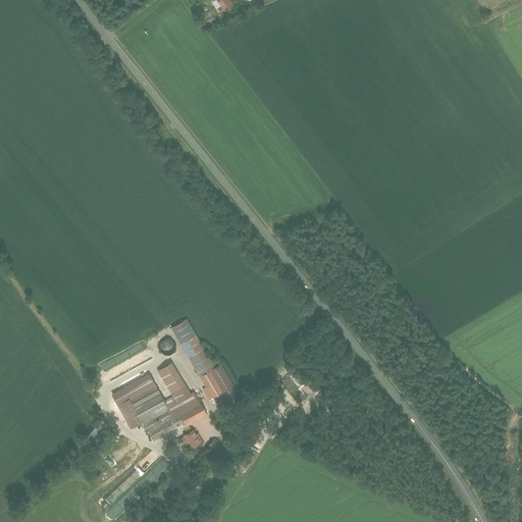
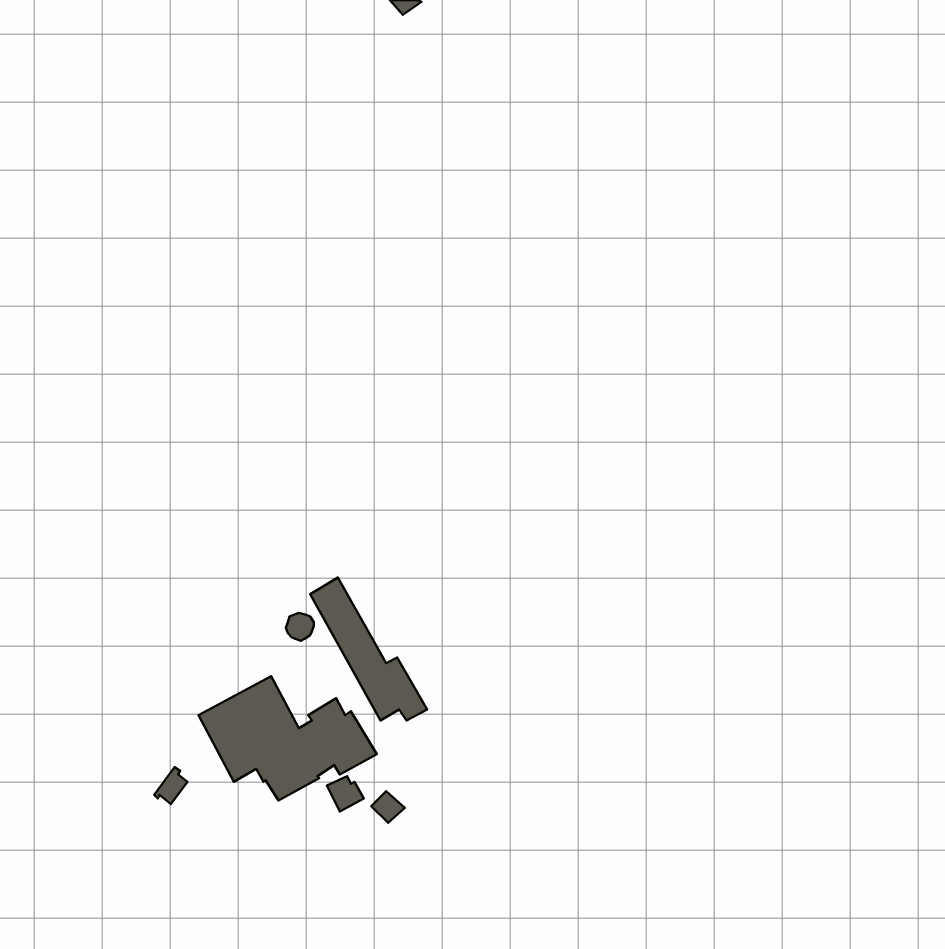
building: [156,361,185,393] -> none

